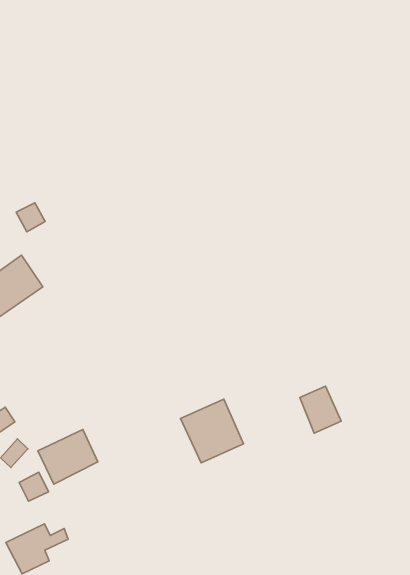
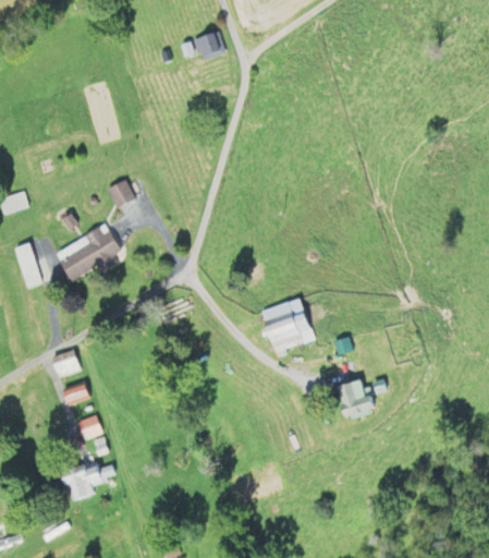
building: none -> [183,33,222,61]
building: [180,399,243,463] -> [259,300,310,352]
building: [38,430,98,484] -> none

